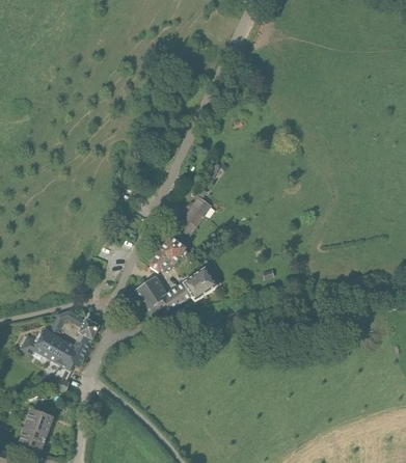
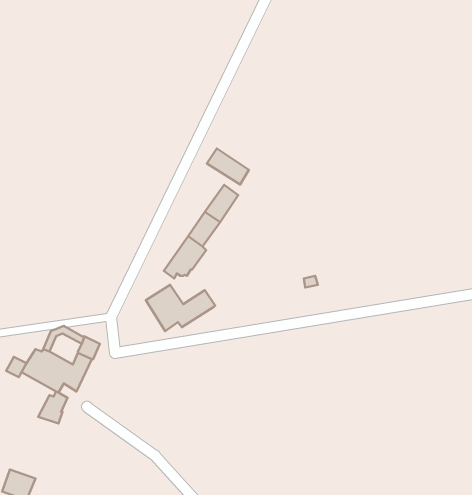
building: none -> [207,148,249,184]
building: [183,264,221,300] -> none
building: [25,408,52,434] -> none

